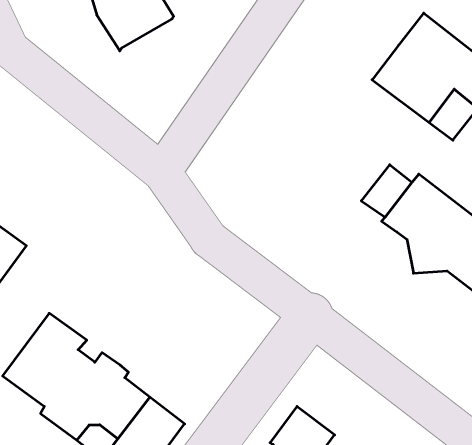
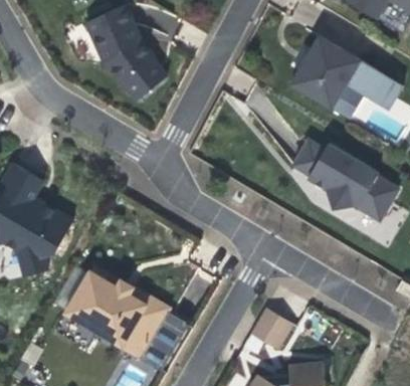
building: none -> [121,58,165,100]

